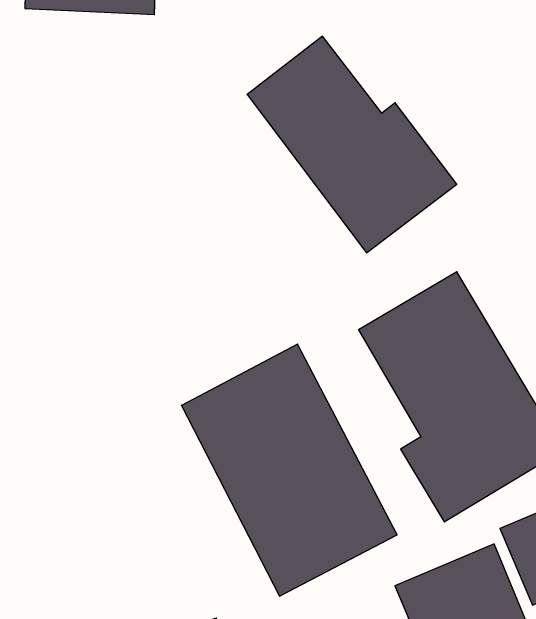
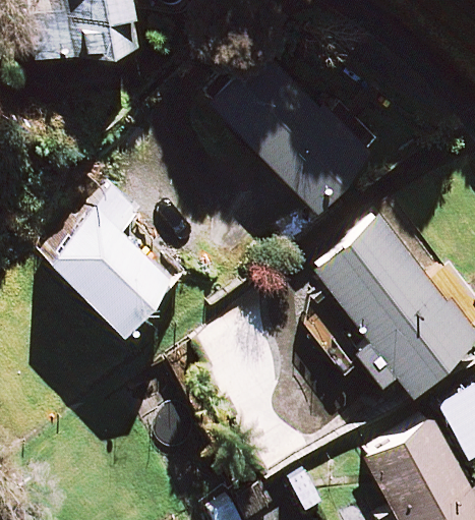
building: none -> [44,207,171,334]

